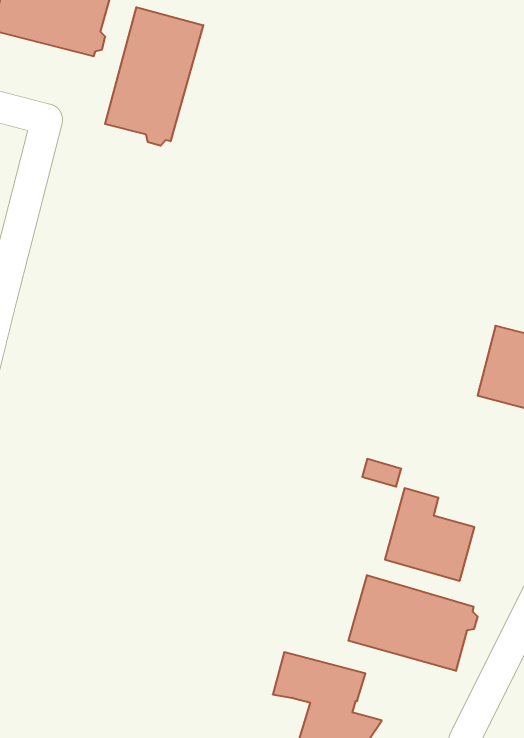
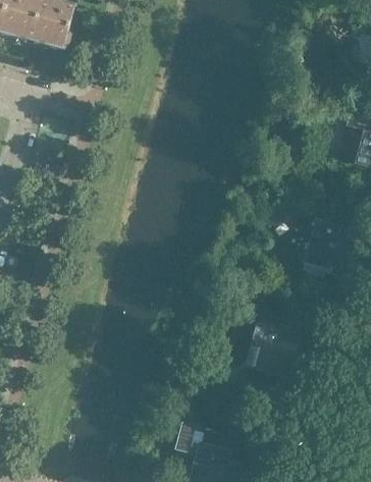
building: [105,7,203,146] -> none
building: [348,575,478,671] -> none

